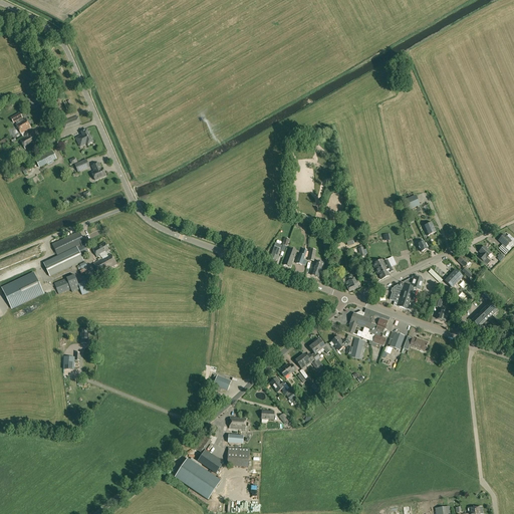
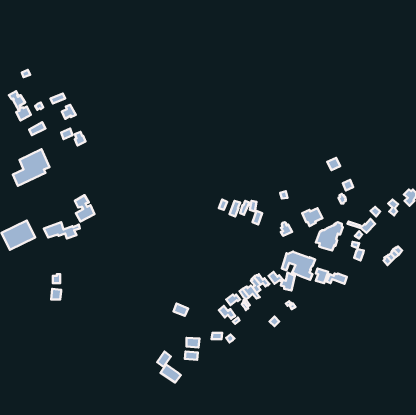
building: [44,231,89,276] -> [13,149,50,186]
building: [227,447,250,467] -> none
building: [175,458,221,499] -> none

